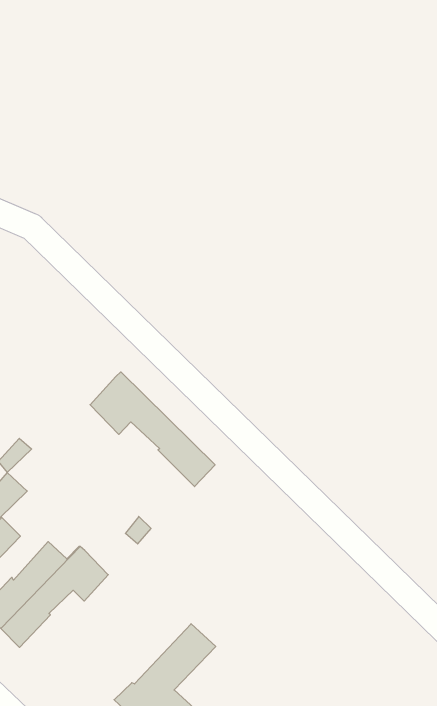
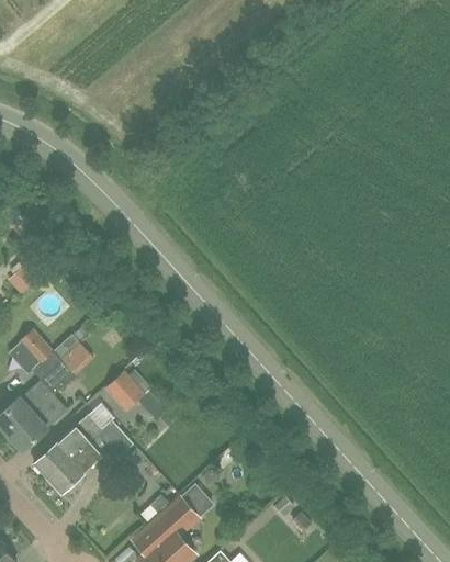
building: [90,372,215,487] -> none
building: none -> [103,370,145,413]

